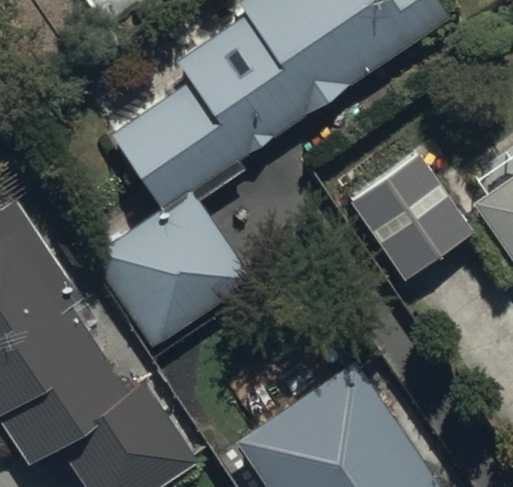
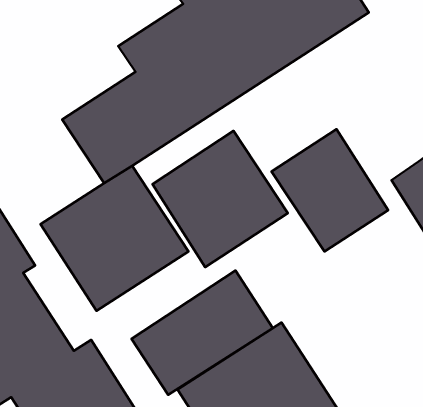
building: none -> [152,131,288,267]
building: none -> [131,271,273,395]

